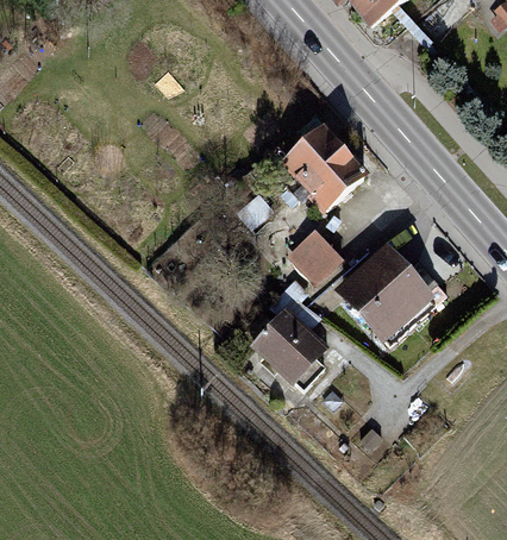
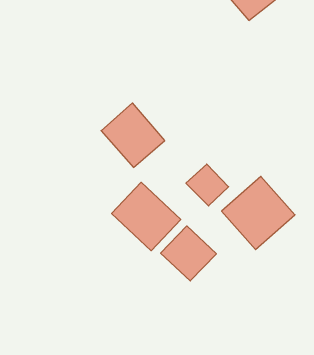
building: [281,123,368,211] -> [101,103,165,167]
building: none -> [112,182,181,251]

